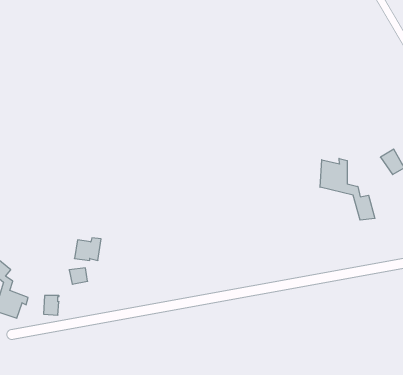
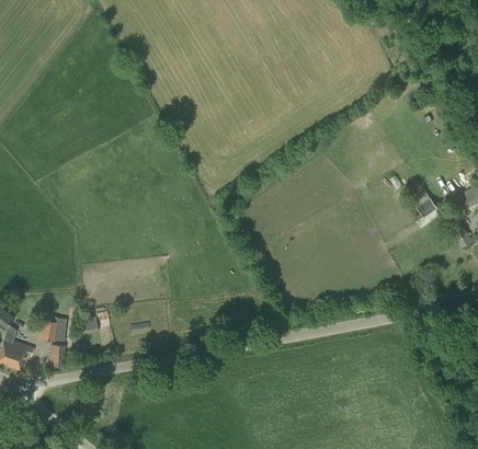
building: [320,158,375,220] -> none
building: [74,238,101,260] -> [39,316,68,341]

